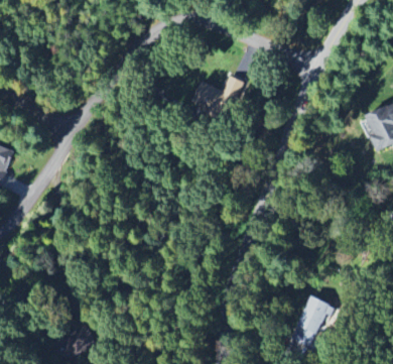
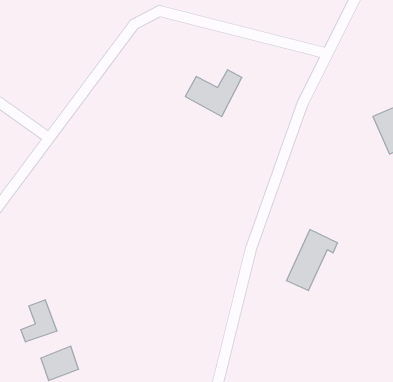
building: none -> [21,300,57,342]
building: [288,294,335,350] -> [286,230,338,291]

